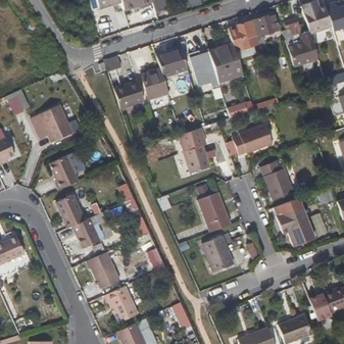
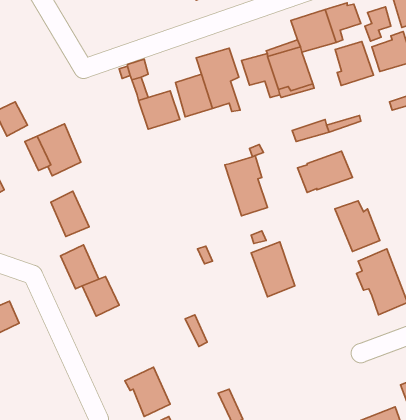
building: none -> [335,41,373,85]
building: [202,236,233,272] -> none
building: [86,251,119,288] -> none

